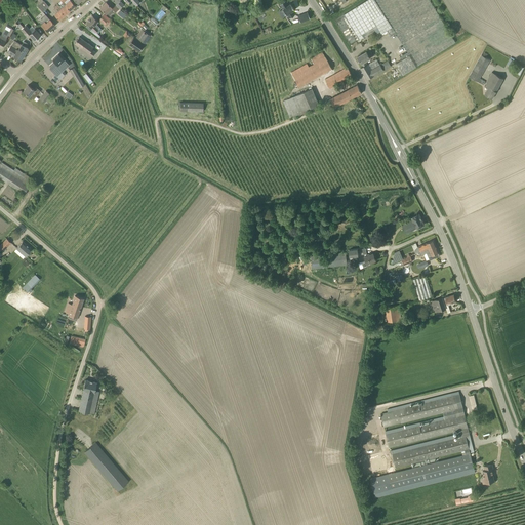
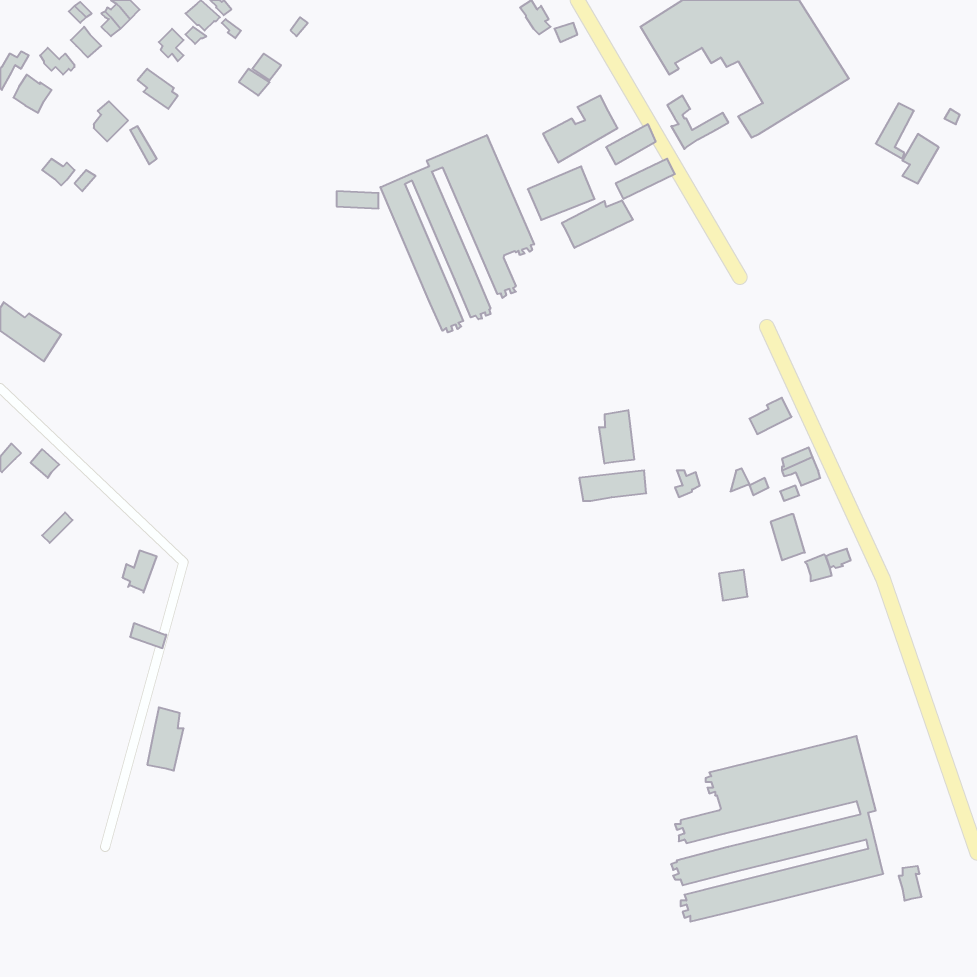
building: none -> [380,135,534,332]
building: none -> [562,200,633,248]
building: none -> [599,410,634,464]
building: [85,442,128,491] -> none

